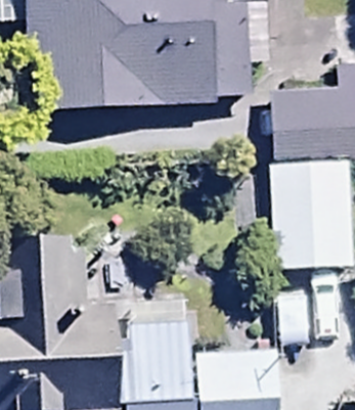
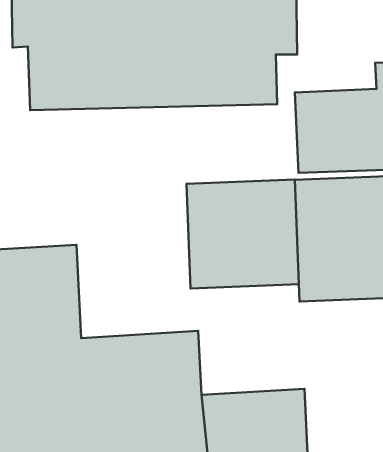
building: none -> [186,180,299,288]

